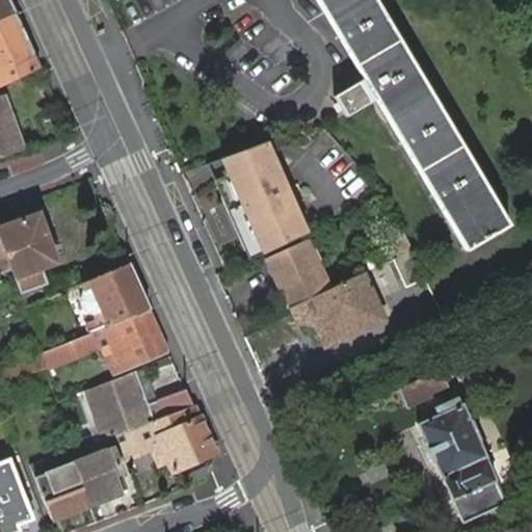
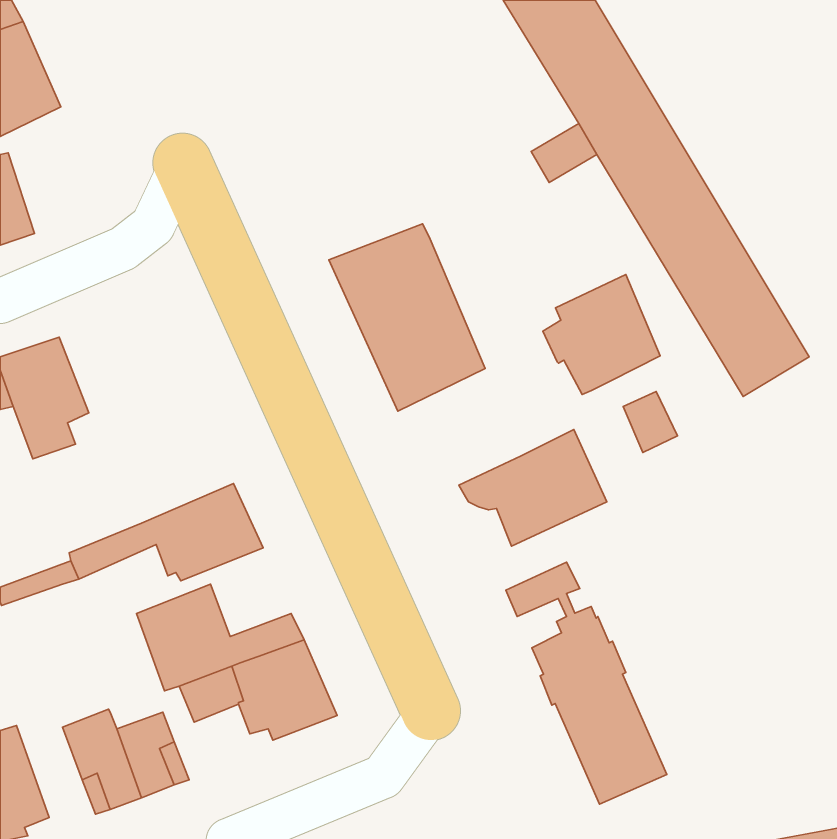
building: none -> [543,274,660,395]
building: [271,243,331,308] -> none
building: [84,262,150,331] -> none
building: [397,372,499,525] -> [506,562,667,804]

